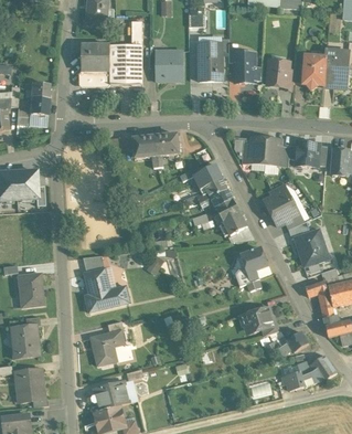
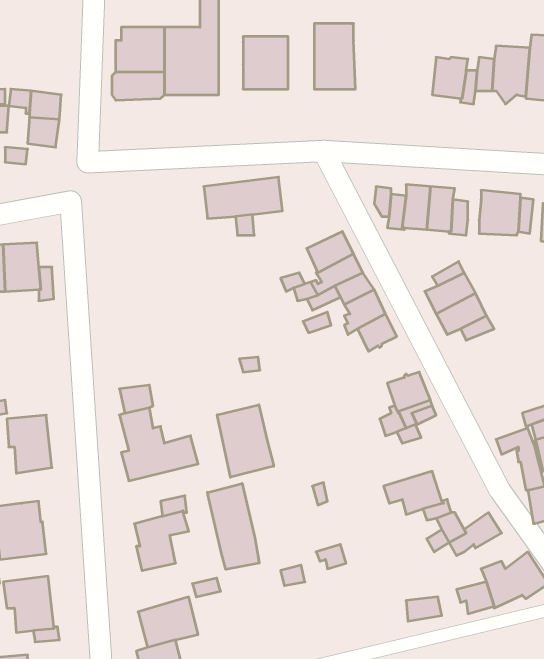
building: [235,53,255,82] -> none
building: [295,229,329,265] -> none
building: none -> [217,405,274,477]
building: none -> [207,483,259,569]

